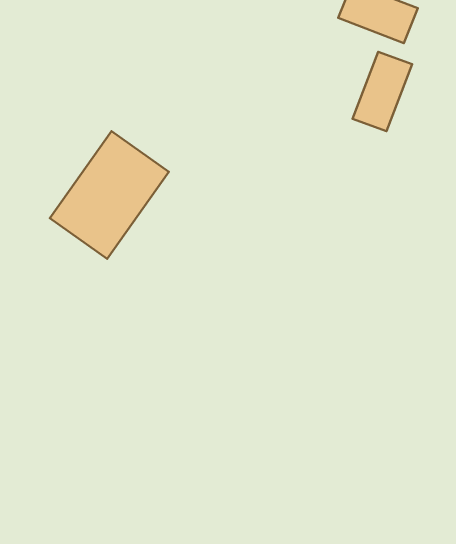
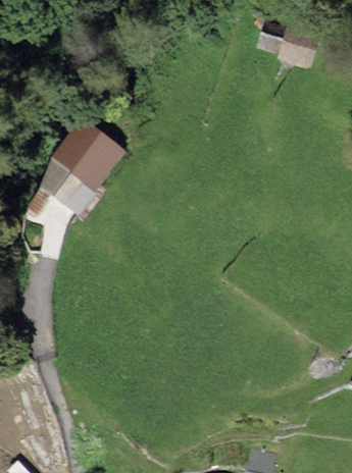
building: [353,52,412,131] -> none

